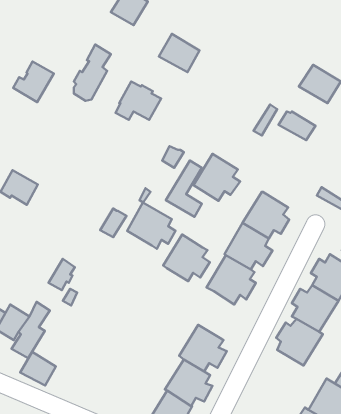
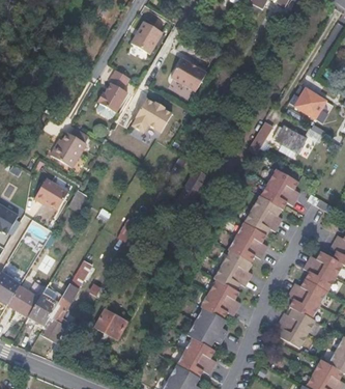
building: [13,62,54,102] -> [50,130,85,165]
building: [193,154,240,201] -> [260,169,300,210]
building: [127,202,176,249] -> none
building: [163,234,210,281] -> [201,282,241,323]
building: [20,352,56,386] -> [95,308,126,337]

